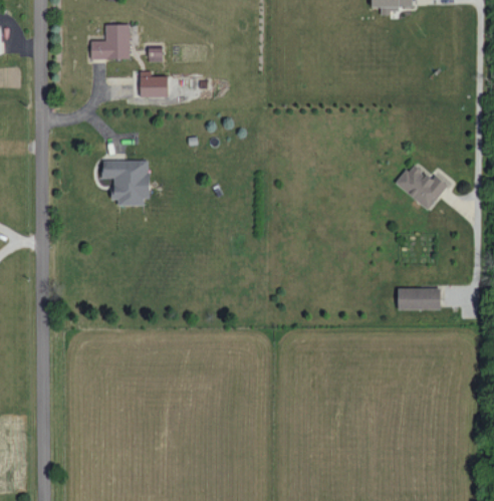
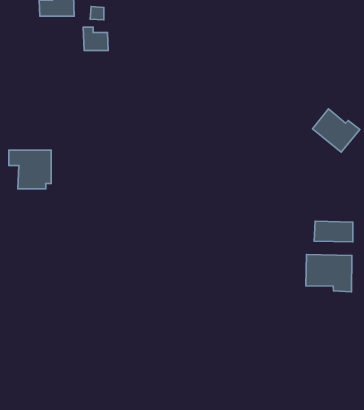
building: [102,161,150,204] -> [9,150,51,189]
building: none -> [306,254,352,292]

